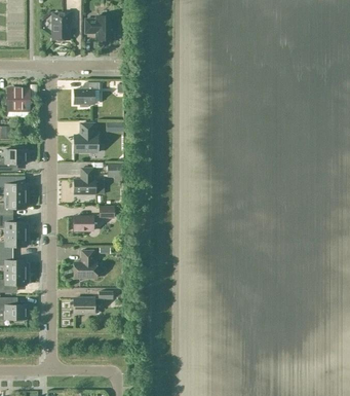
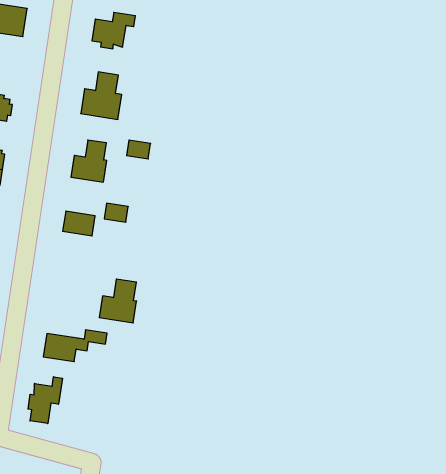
building: [73,251,95,278] -> [99,279,137,323]
building: none -> [28,377,62,424]

